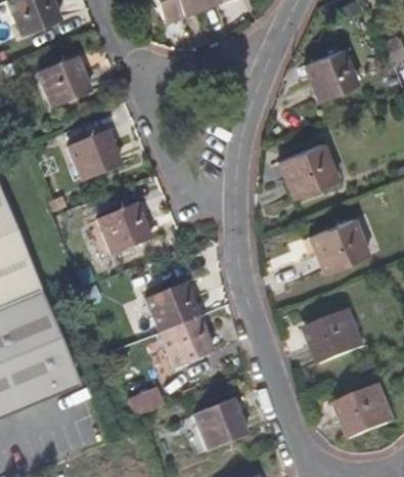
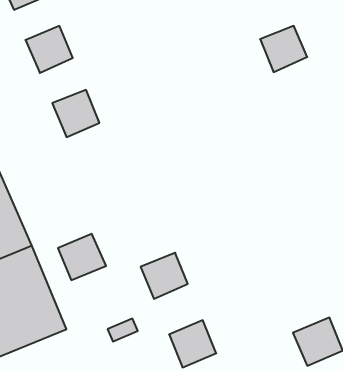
building: [278,145,336,201] -> none
building: [95,200,149,254] -> none
building: [310,220,368,275] -> none
building: [149,274,205,328] -> [58,234,106,280]
building: [308,310,365,365] -> none

